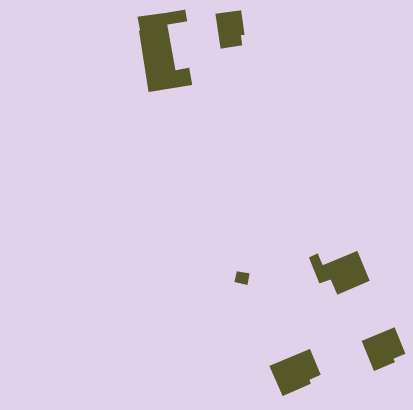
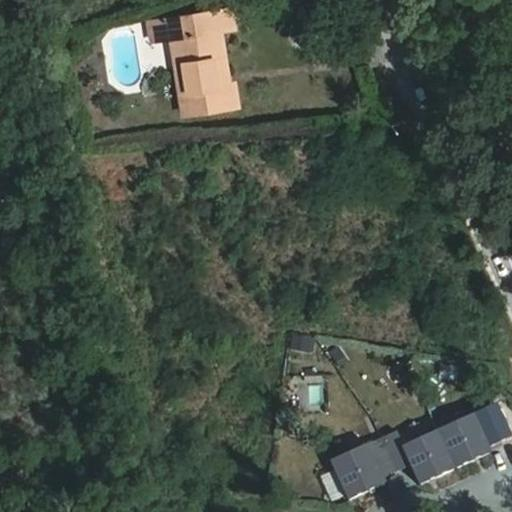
building: [214,9,245,50] -> none
building: [308,250,371,296] -> [384,425,462,482]

